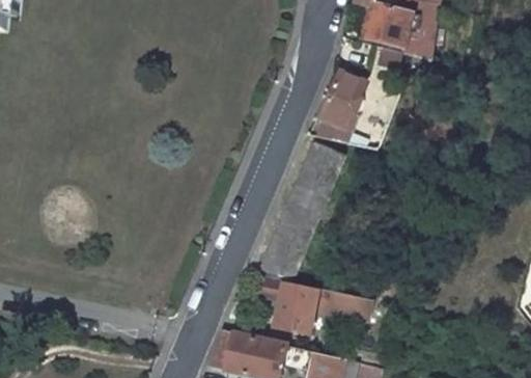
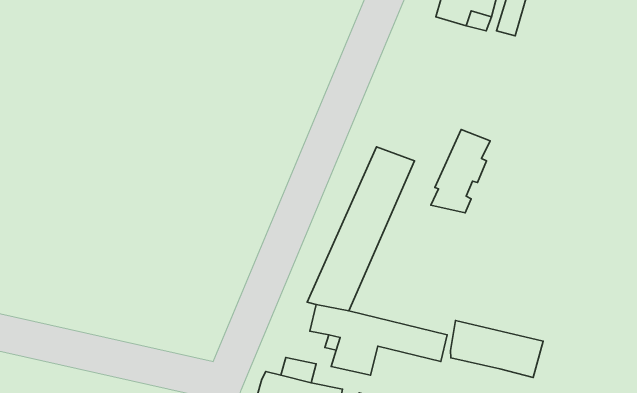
building: [318,76,367,144] -> [431,129,490,213]
building: none -> [450,320,543,378]

